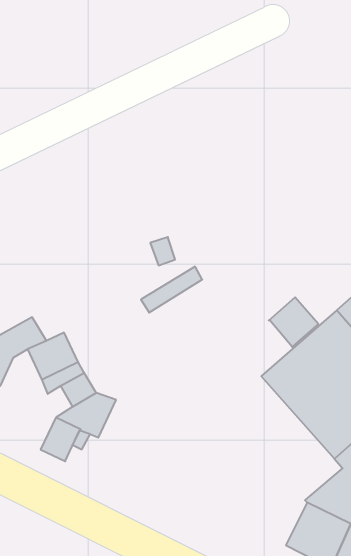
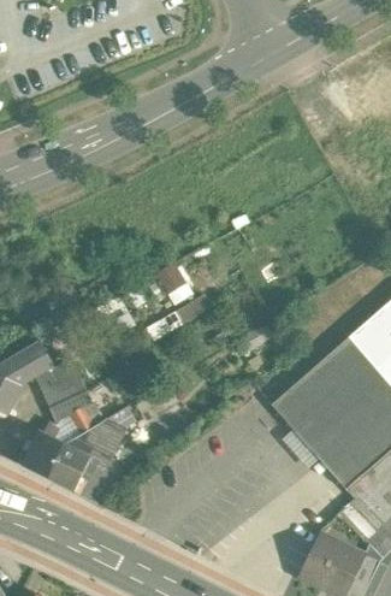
building: [269,297,318,347] -> none
building: none -> [18,429,64,479]

